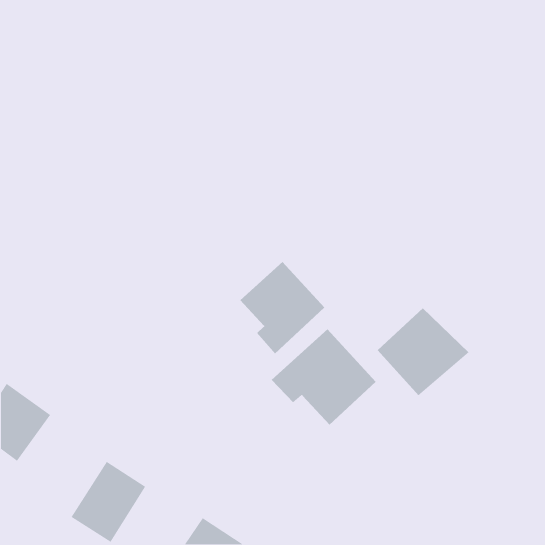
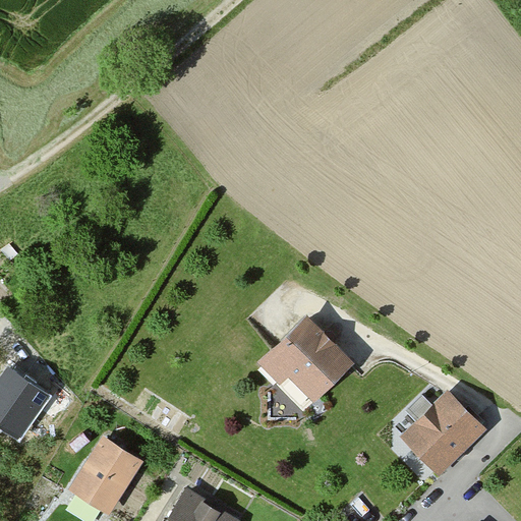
building: [240,261,325,354] -> none
building: [377,308,470,396] -> [395,387,483,471]

